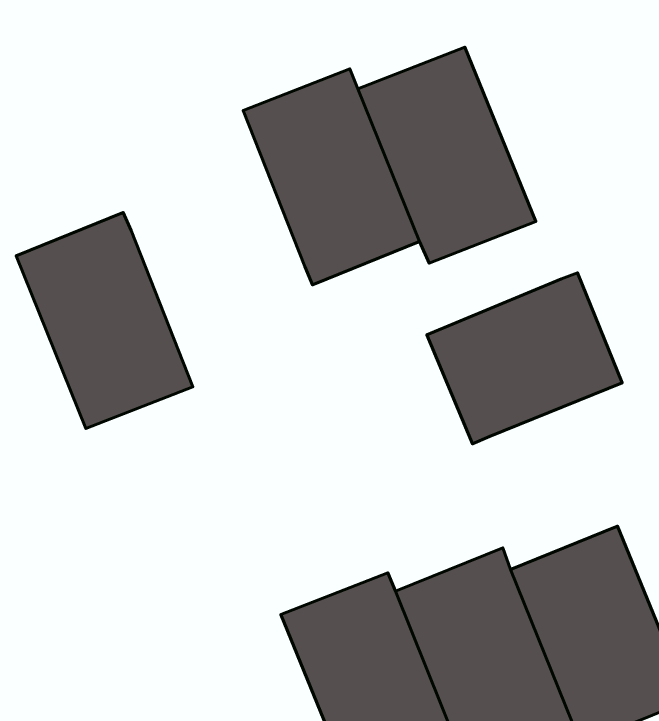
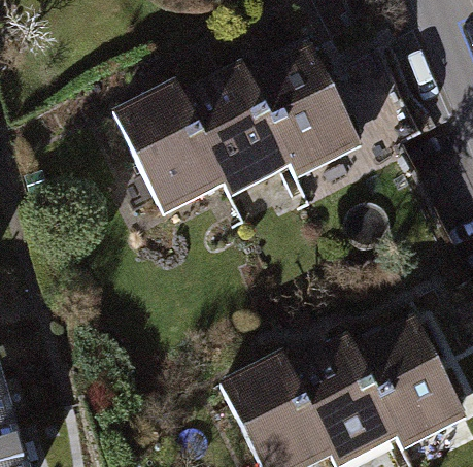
building: [16,212,193,428] -> [117,82,225,209]
building: [427,273,622,444] -> none

